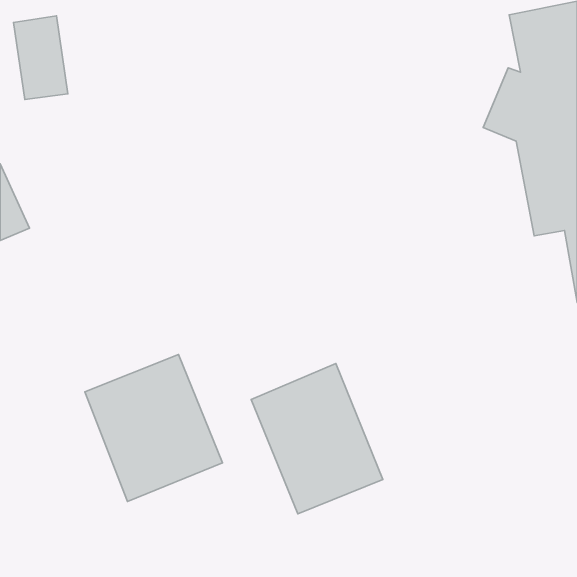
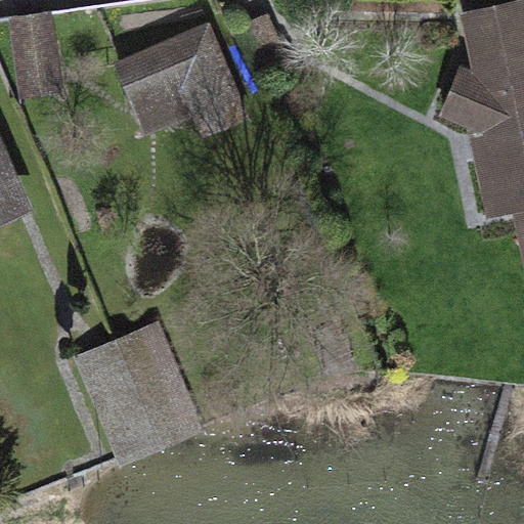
building: none -> [117,25,245,151]
building: [251,363,383,514] -> none

